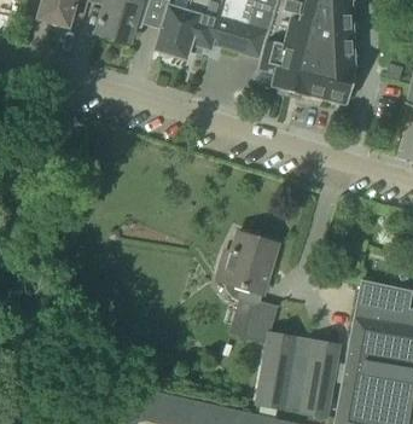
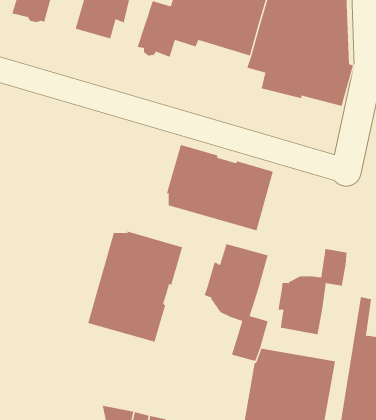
building: none -> [166,144,274,231]
building: none -> [88,231,183,342]
building: none -> [278,248,347,335]

